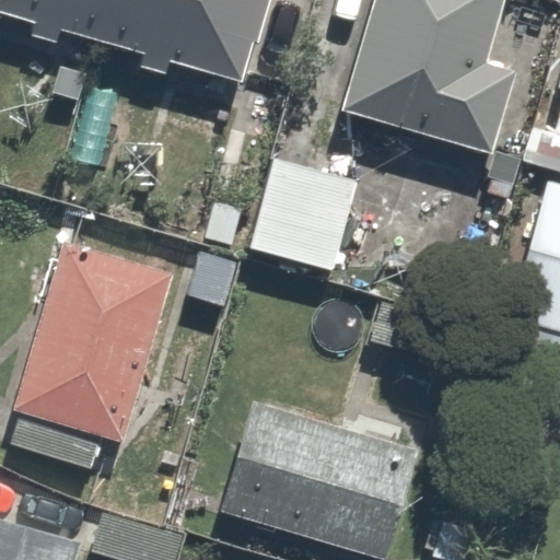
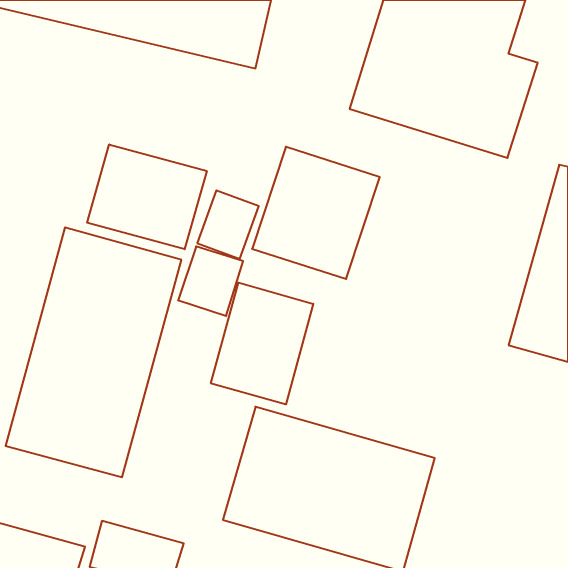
building: none -> [87,144,207,249]
building: none -> [211,283,313,404]

